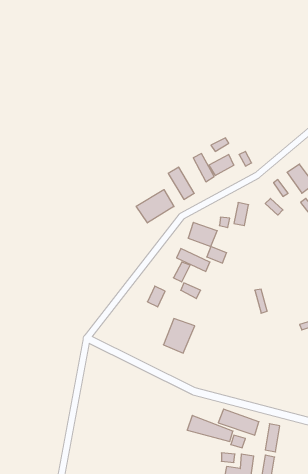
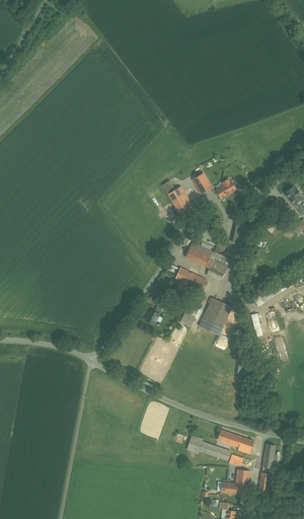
building: [136,190,174,223] -> none
building: [163,319,195,353] -> [202,301,232,335]

